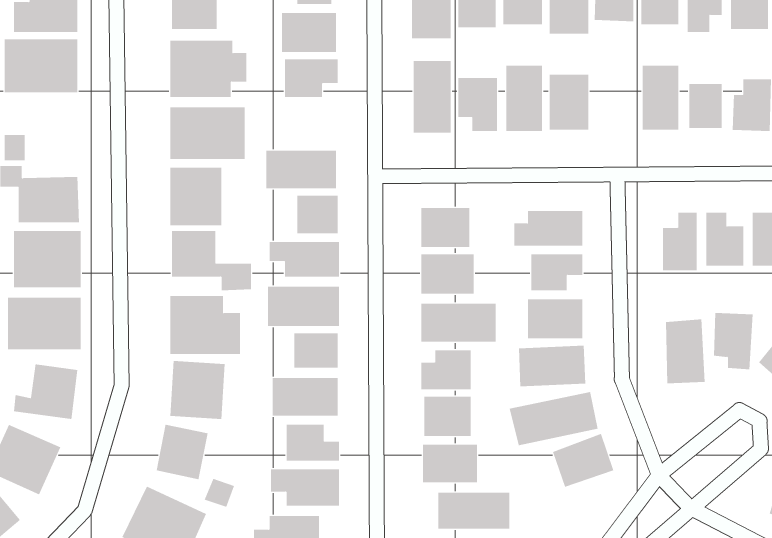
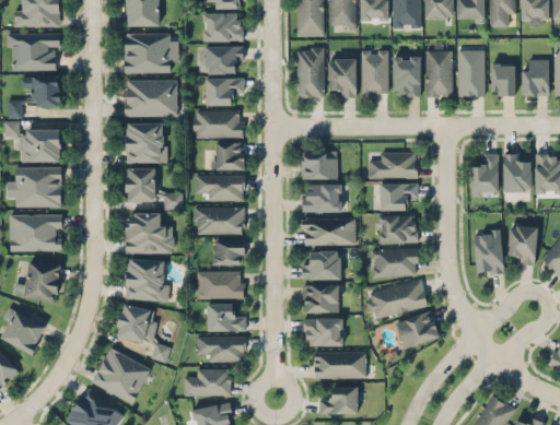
building: none -> [425,50,453,96]
building: none -> [23,76,60,106]
building: none -> [206,79,244,105]

